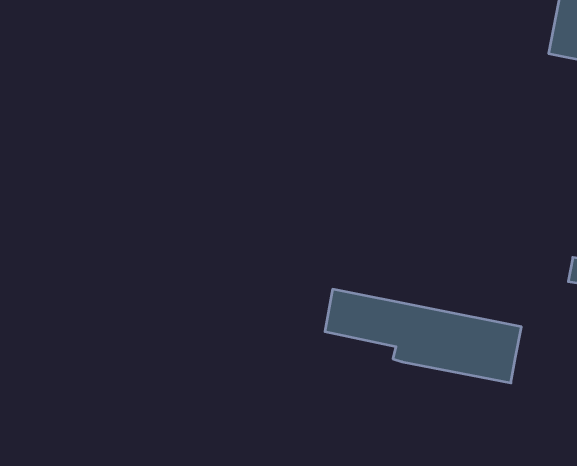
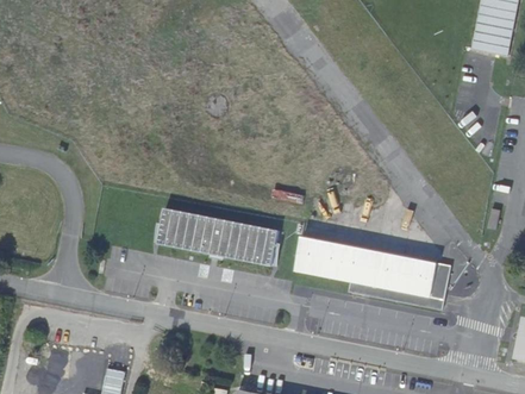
building: none -> [157,207,279,264]

